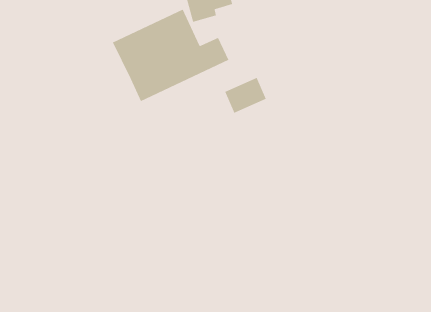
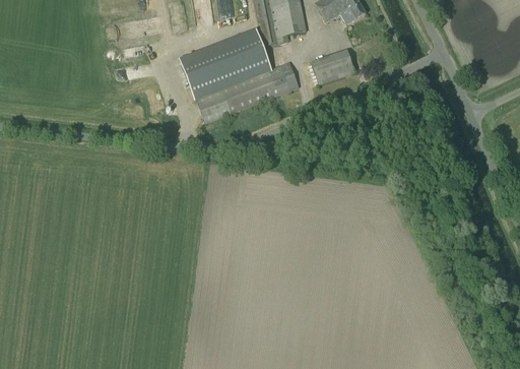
building: [224,77,267,114] -> [312,48,354,83]

